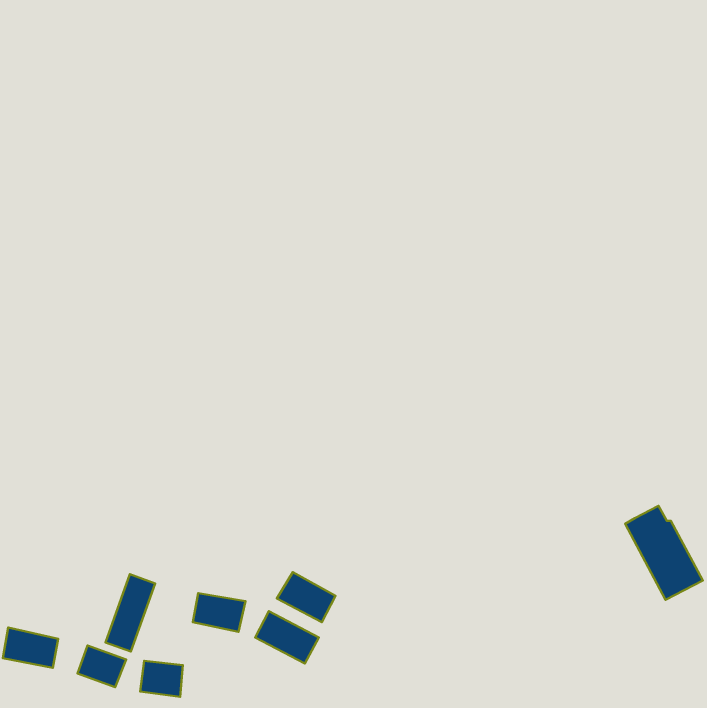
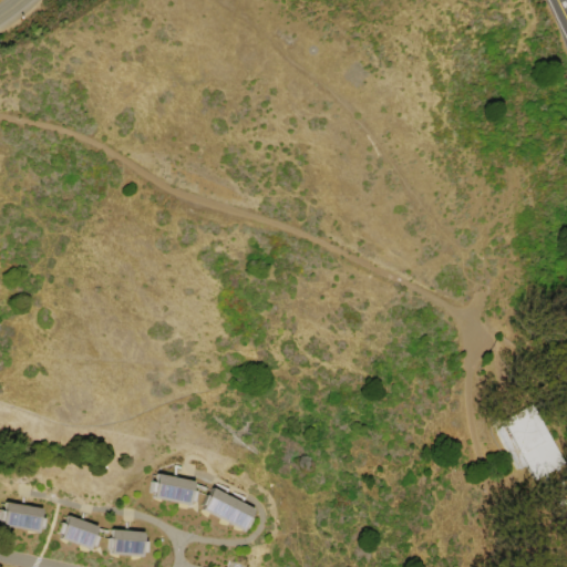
building: [277,572,336,622] -> none
building: [105,574,155,651] -> none

